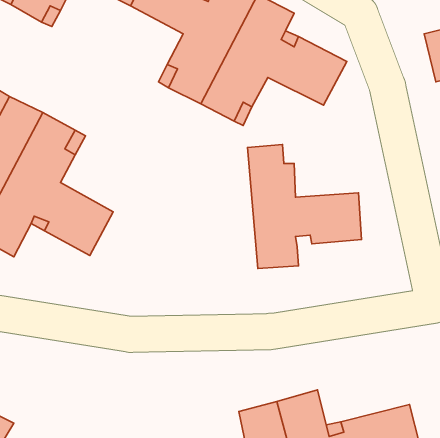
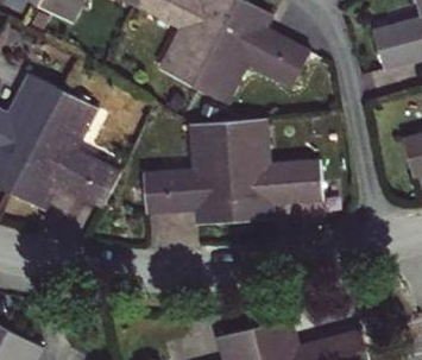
building: none -> [143,121,238,222]

